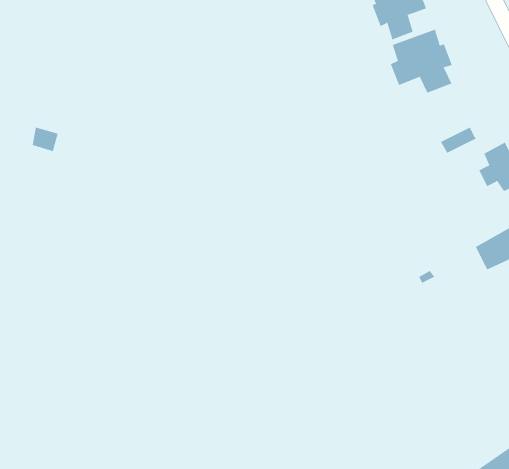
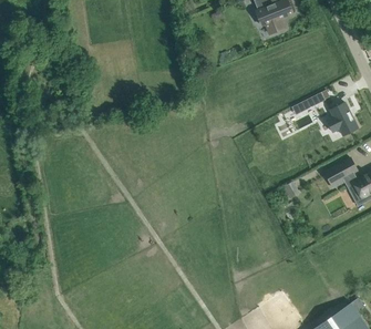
building: [390,29,453,93] -> none

